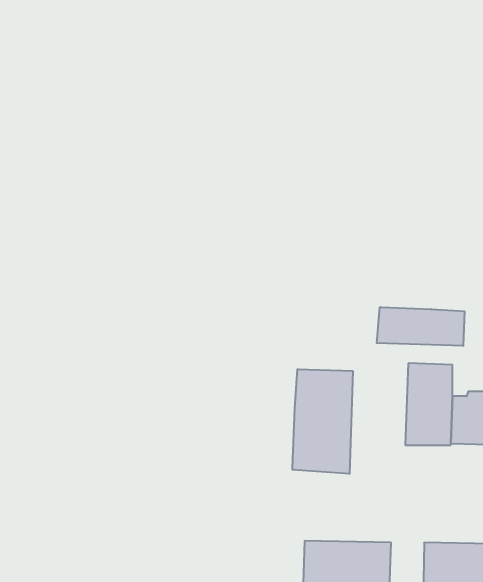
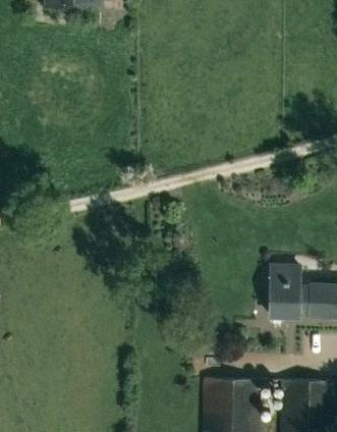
building: [377,307,464,346] -> none
building: [292,369,353,474] -> none

